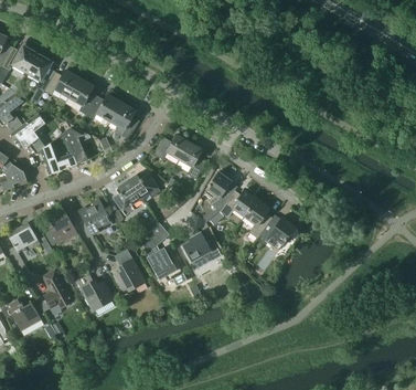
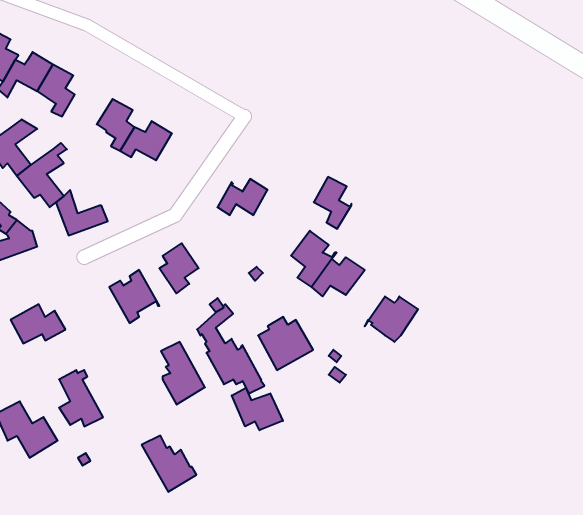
building: [44,70,79,96] -> none
building: [110,103,139,139] -> none
building: [62,126,90,165] -> none
building: [179,143,205,179] -> [314,177,351,229]
building: [128,172,160,198] -> none
building: [244,199,271,239] -> none
building: [44,209,76,245] -> none
building: [74,272,113,312] -> [142,436,196,492]
building: none -> [232,388,283,430]

